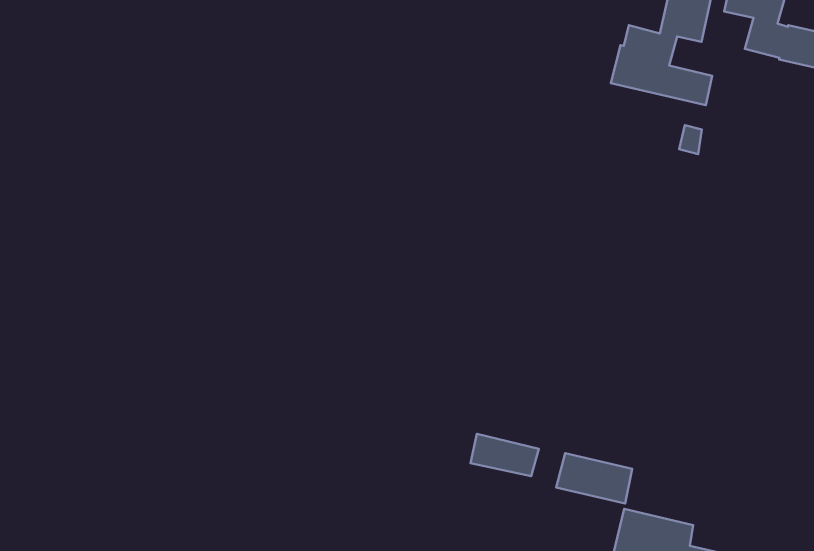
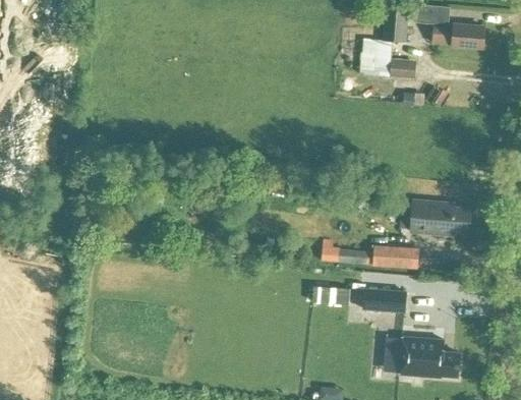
building: none -> [409,199,472,238]
building: none -> [322,240,418,268]

